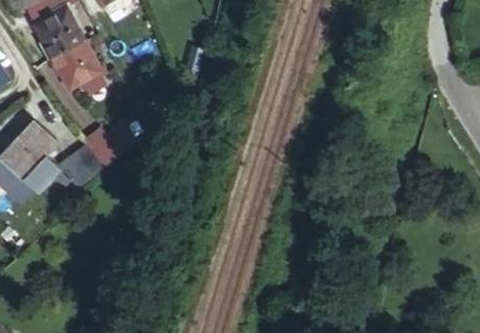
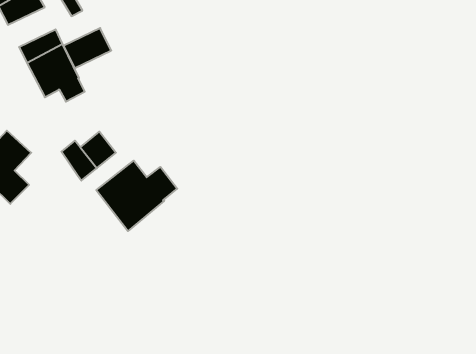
building: [34,7,79,45] -> [63,28,111,68]
building: [57,146,100,190] -> none
building: none -> [96,161,177,231]

